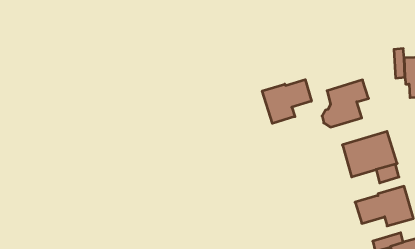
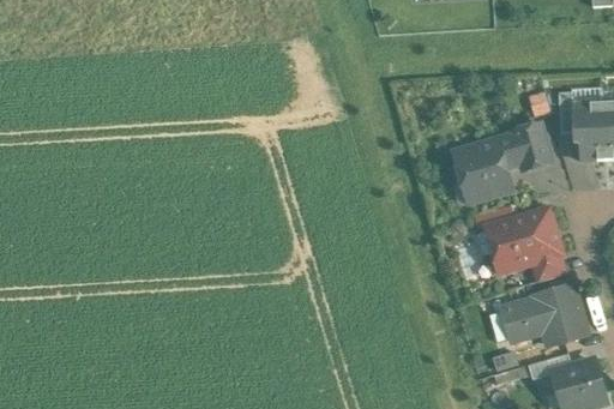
building: none -> [513,124,552,170]
building: [262,80,311,123] -> none

